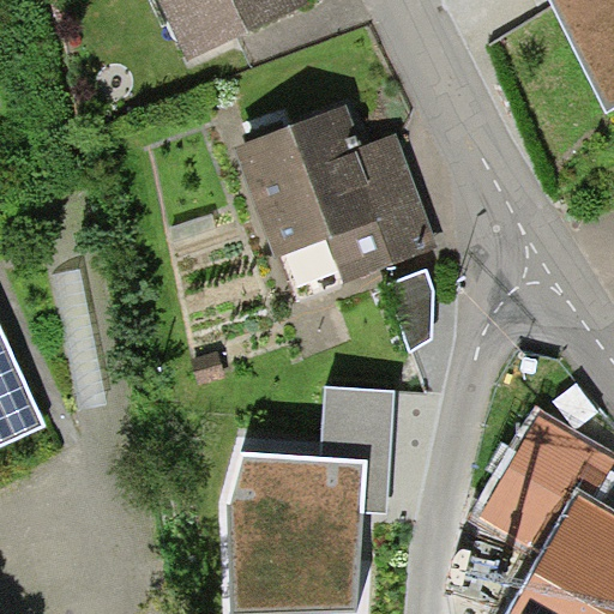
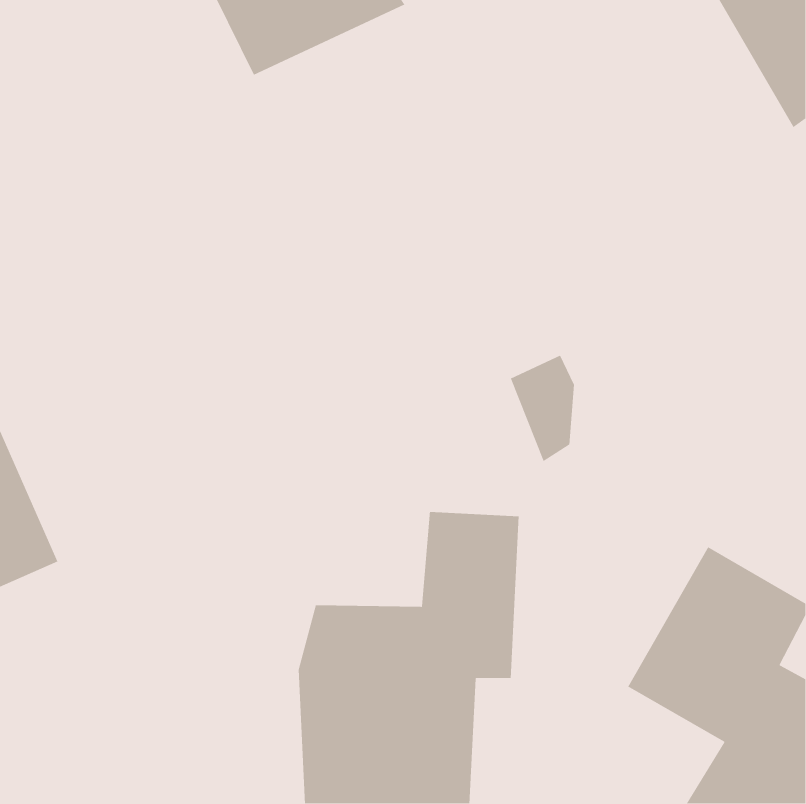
building: [236,103,435,293] -> none

